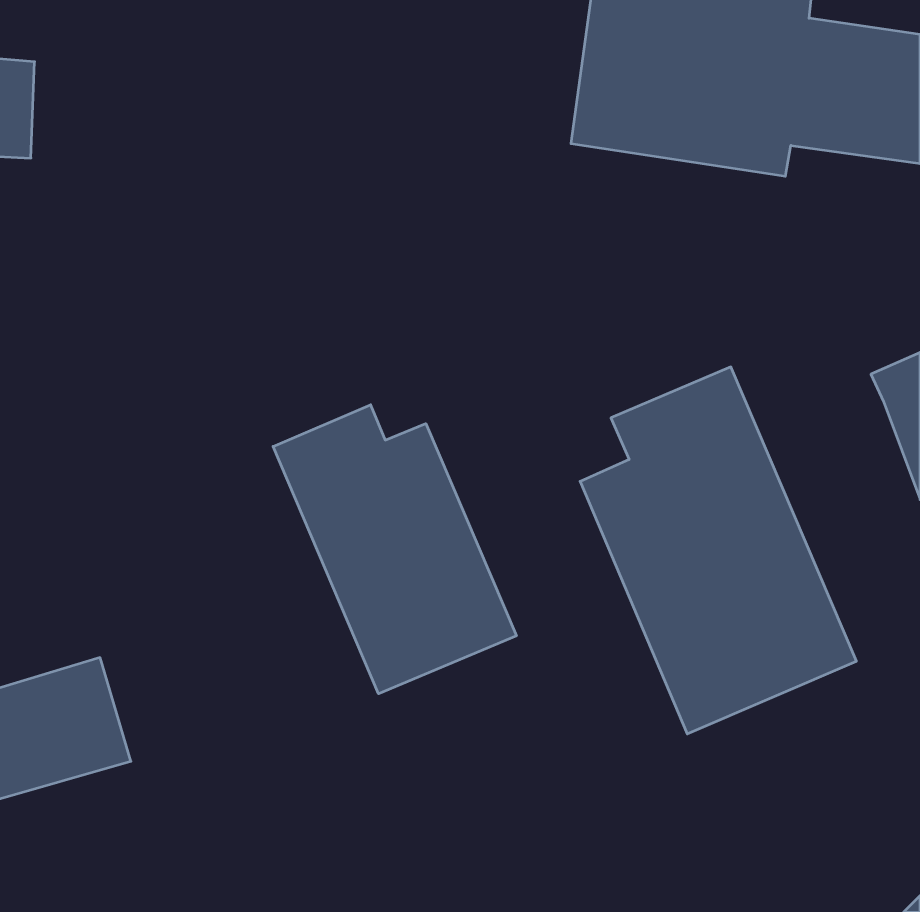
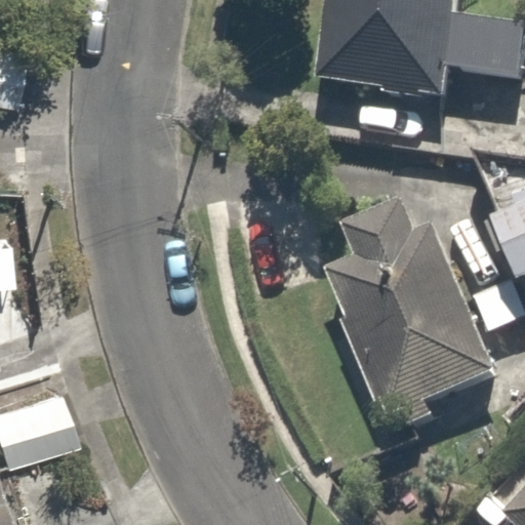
building: [273,405,516,694] -> none

